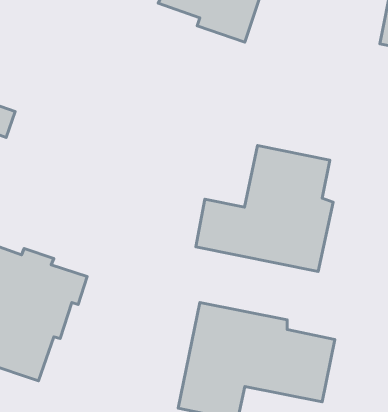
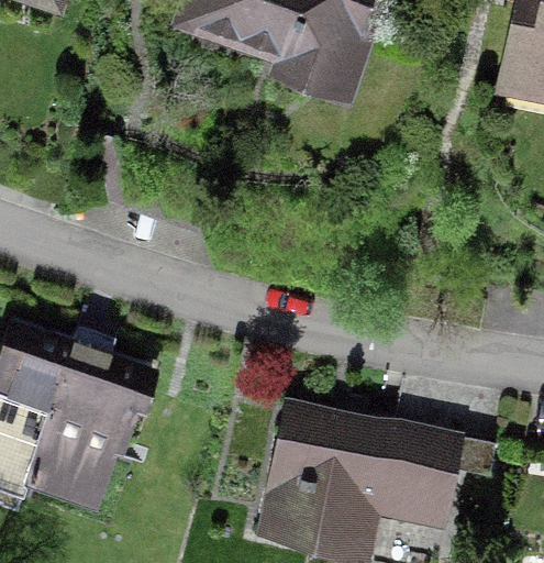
building: [196,145,333,272] -> none

